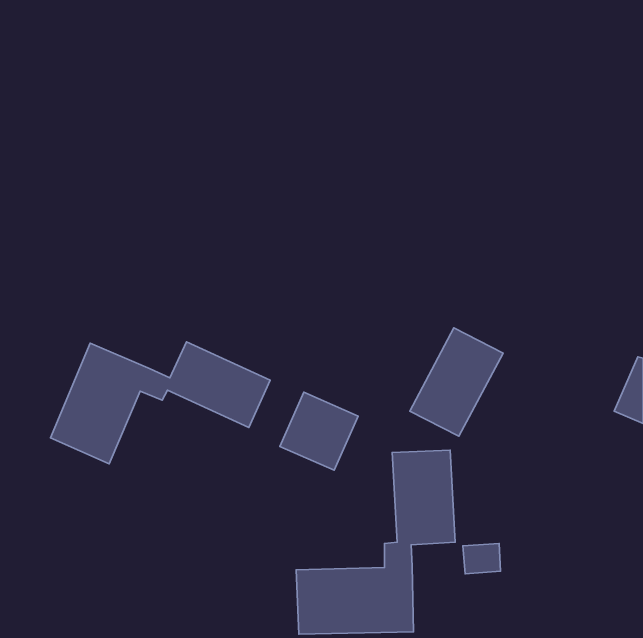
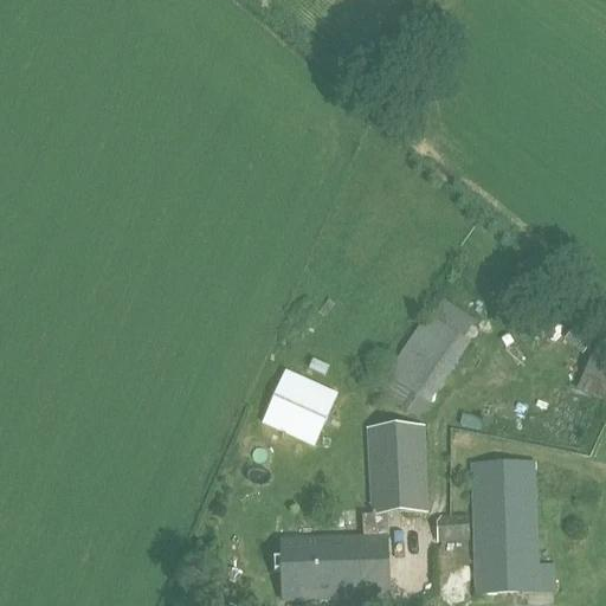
building: [50,342,270,464] -> none
building: none -> [472,458,553,592]

